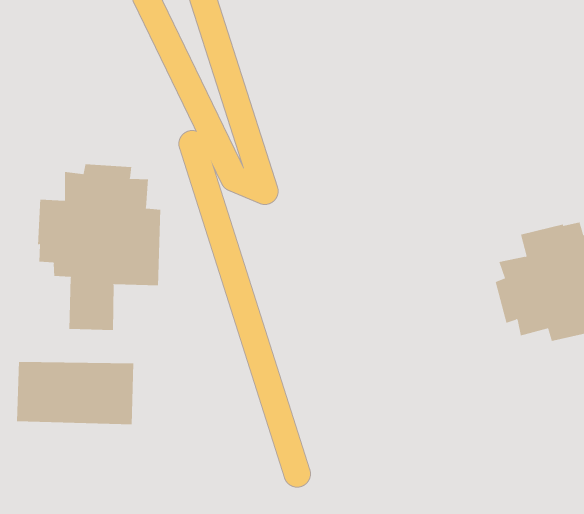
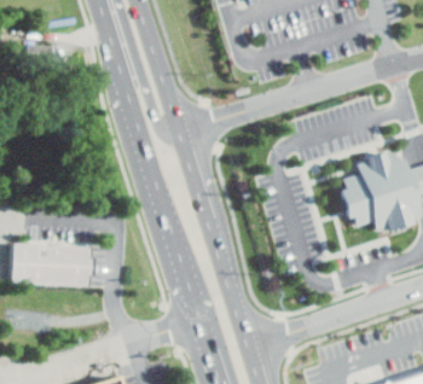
building: [37,164,161,331] -> none

